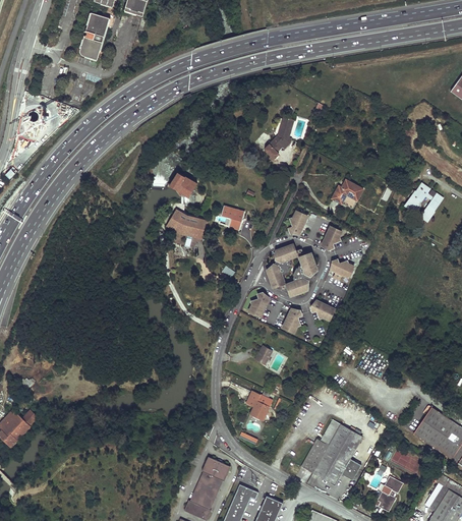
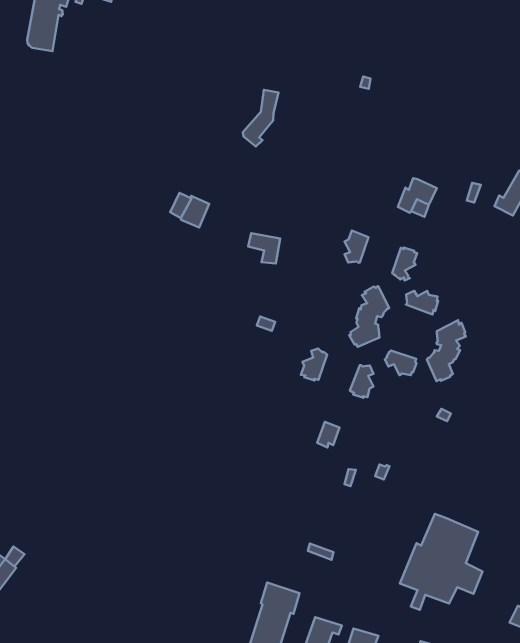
building: [266,118,294,158] -> [243,90,278,147]
building: [167,209,206,234] -> none
building: [266,244,295,286] -> [427,320,466,381]
building: [246,390,272,420] -> none

